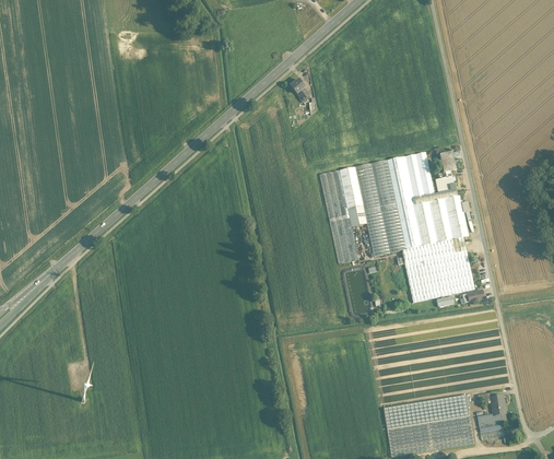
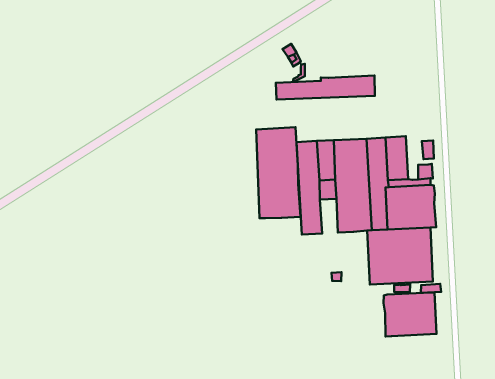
building: none -> [276,76,375,99]
building: none -> [256,127,300,218]
building: none -> [384,292,436,337]

